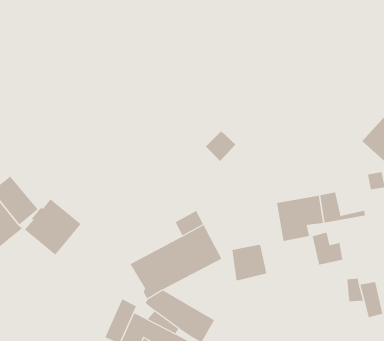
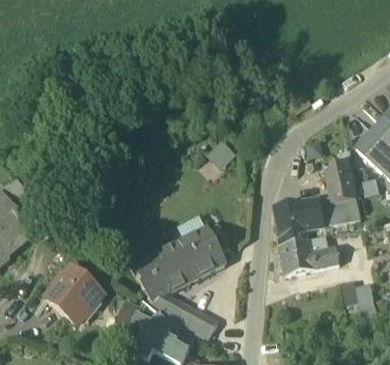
building: none -> [324,160,359,220]
building: [24,198,81,255] -> [47,271,102,326]
building: [232,244,267,281] -> [280,240,314,275]

